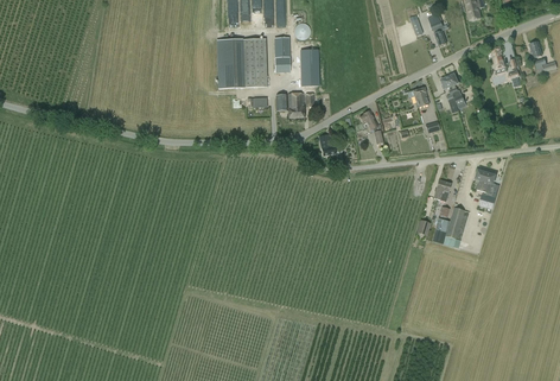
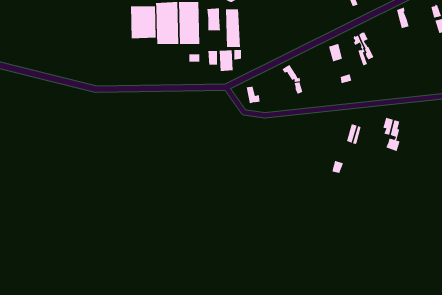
building: none -> [131,5,156,39]
building: [432,205,469,248] -> none

